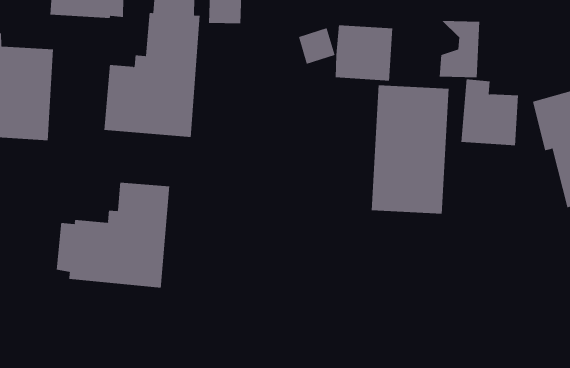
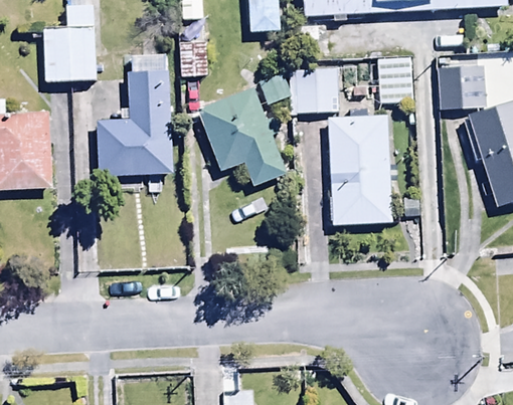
building: none -> [198,92,288,190]
building: [461,79,519,146] -> [437,57,484,112]
building: [56,182,170,289] -> none

